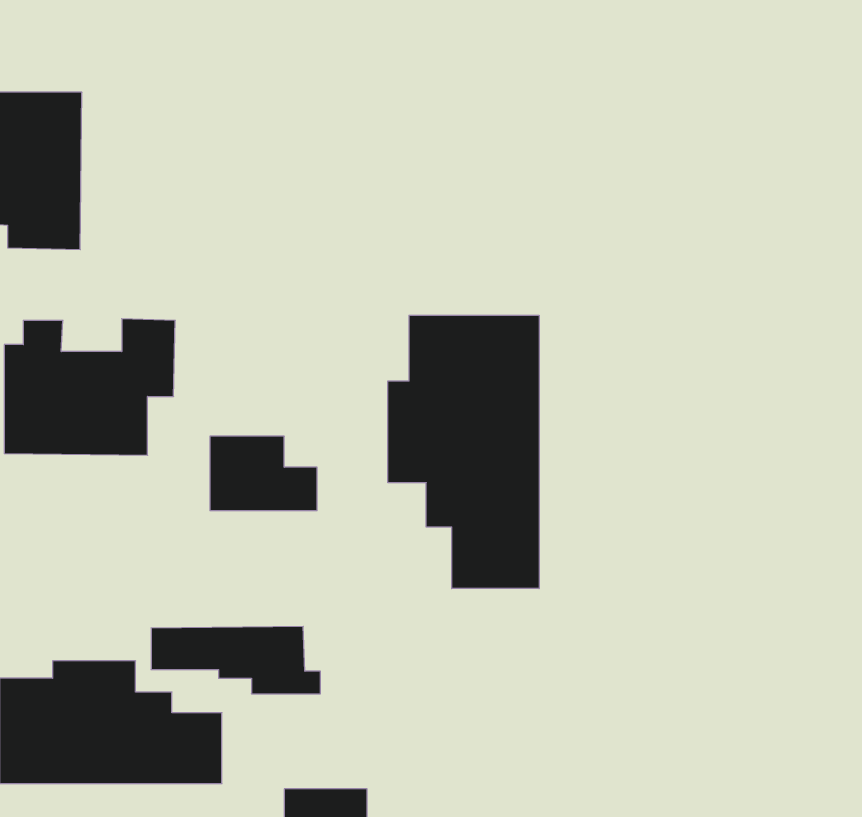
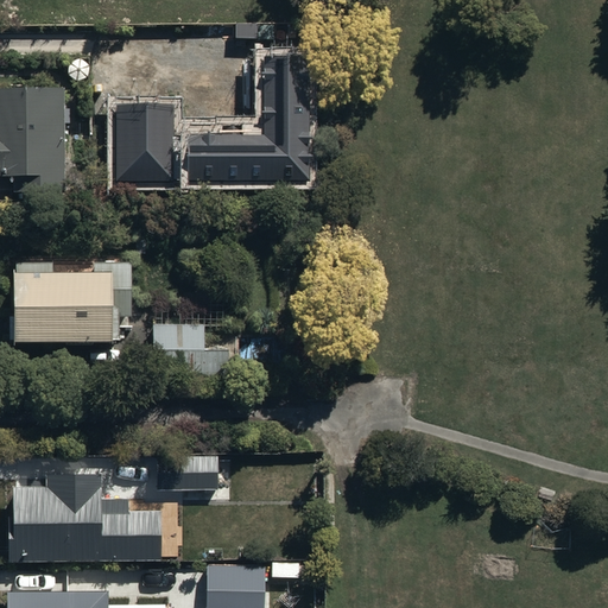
building: none -> [190,50,310,176]
building: none -> [116,99,175,176]
building: [388,315,539,589] -> none

